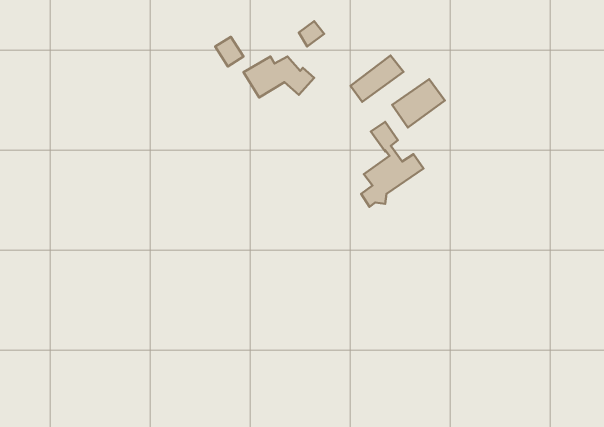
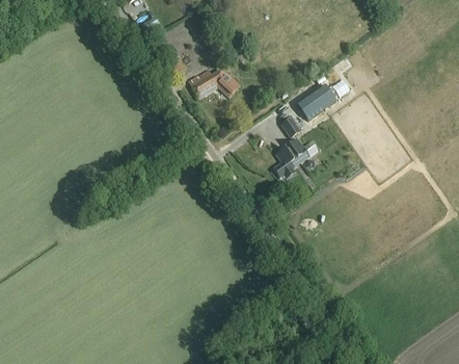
building: [351,56,403,102] -> none

